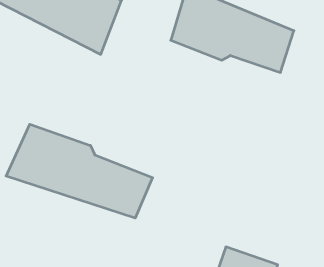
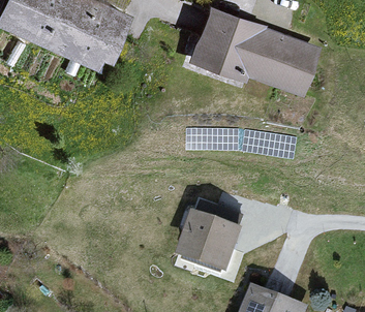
building: [6,124,153,218] -> none
building: none -> [173,199,240,279]

